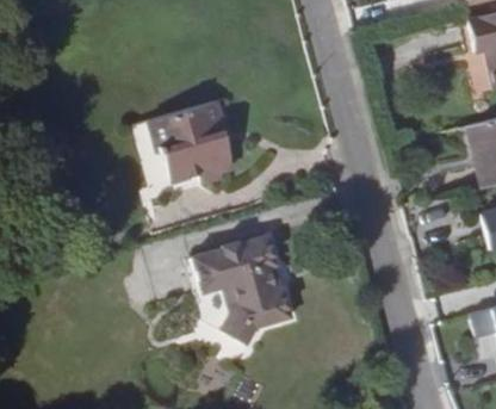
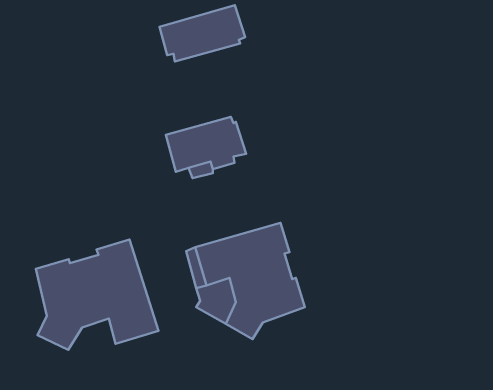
building: [148,100,228,153] -> [160,5,245,61]
building: none -> [36,240,158,350]

